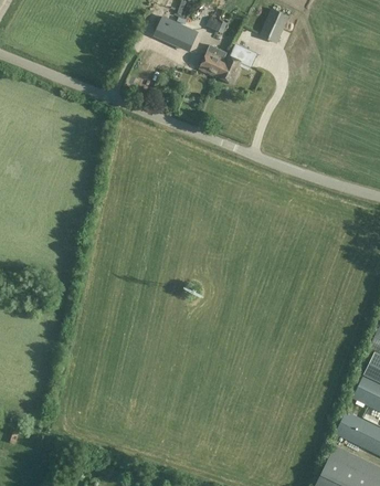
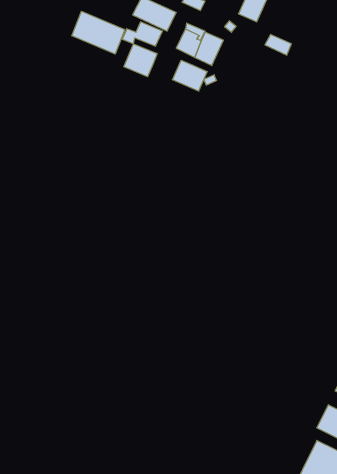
building: none -> [72,11,125,54]
building: none -> [124,44,157,77]
building: none -> [173,60,207,91]

